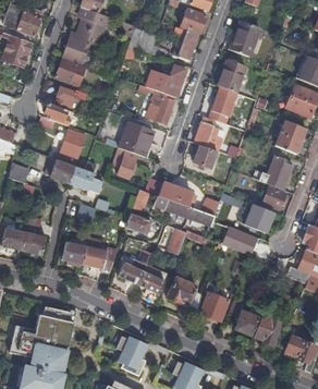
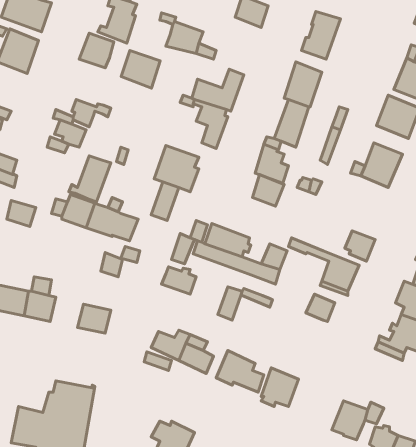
building: [173,25,199,60] -> none
building: [57,58,86,86] -> [121,51,160,88]
building: [256,155,294,190] -> none
building: [83,238,118,275] -> none
building: [229,300,258,336] -> none

